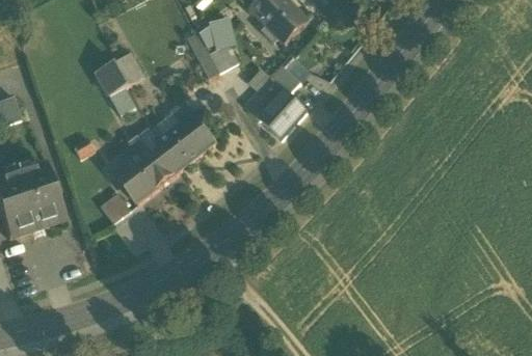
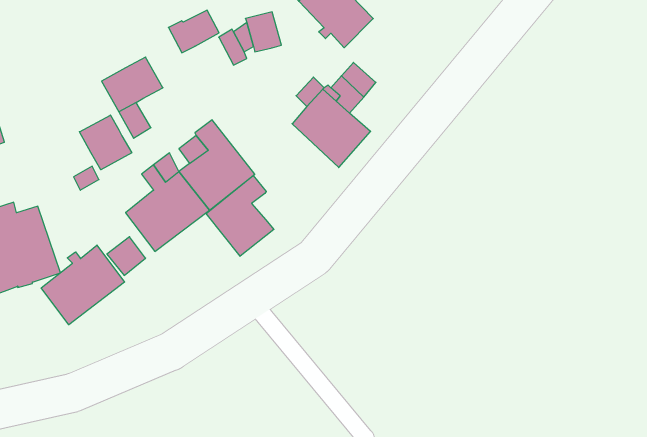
building: [198,45,238,78] -> [168,10,219,53]
building: none -> [79,115,132,170]
building: none -> [206,175,274,256]
building: none -> [41,245,125,325]

